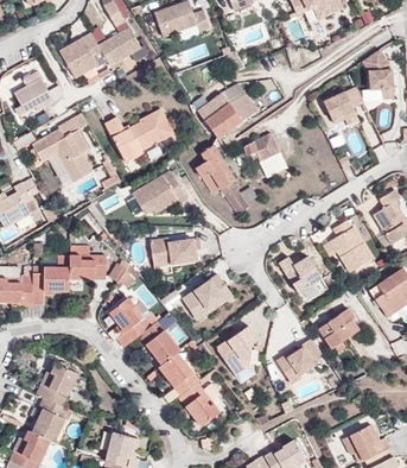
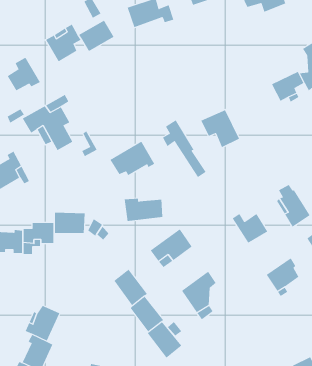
building: [196,82,256,138] -> none
building: [103,108,173,163] -> none
building: [108,297,157,342] -> none
building: [276,337,325,384] -> none

